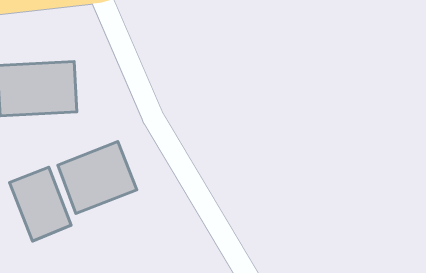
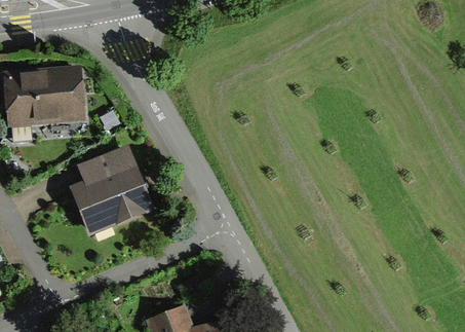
building: [9,167,71,241] -> none

